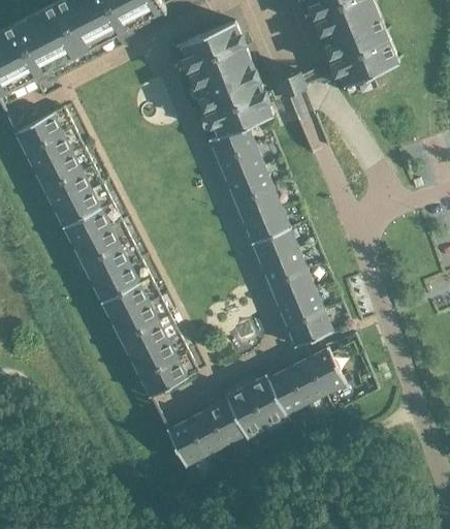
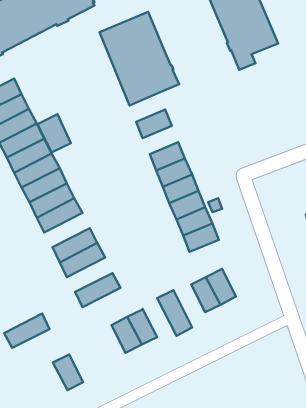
building: [210,124,255,160] -> none
building: none -> [37,114,71,152]
building: [226,165,271,201] -> none
building: [101,276,159,319] -> none
building: [286,310,331,346] -> none
building: [130,333,188,376] -> [4,314,50,348]
building: [265,367,310,422] -> none
building: [224,384,269,442] -> none
building: [166,418,204,464] -> [53,354,83,390]

